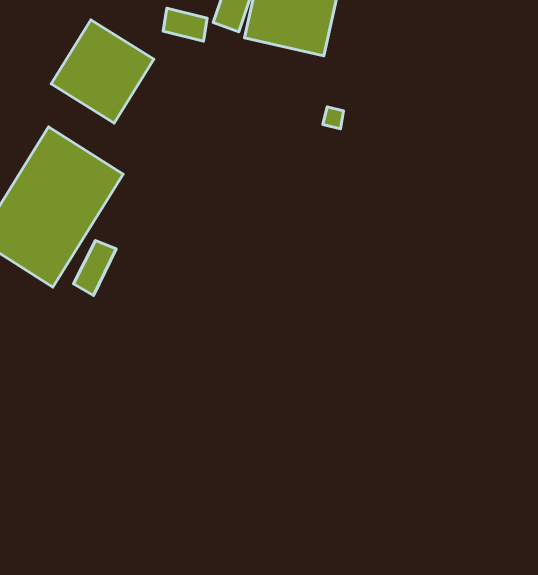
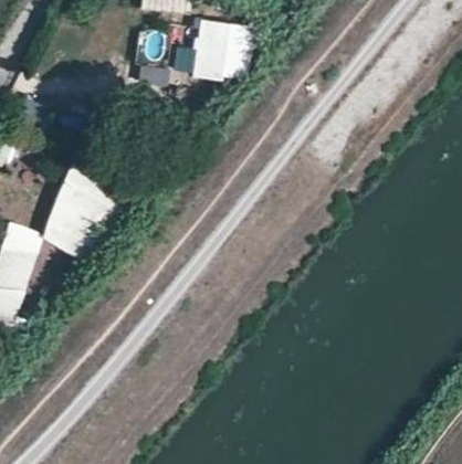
building: [51,20,154,123] -> none

